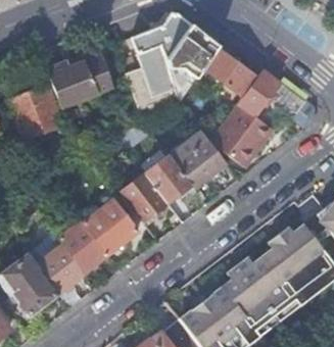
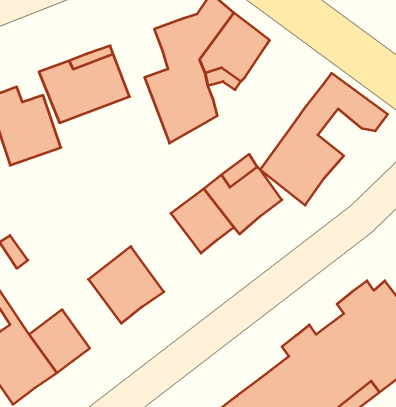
building: [200,48,258,96] -> none
building: [122,174,168,221] -> none
building: [59,220,108,274] -> none

